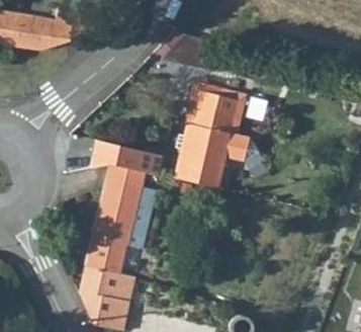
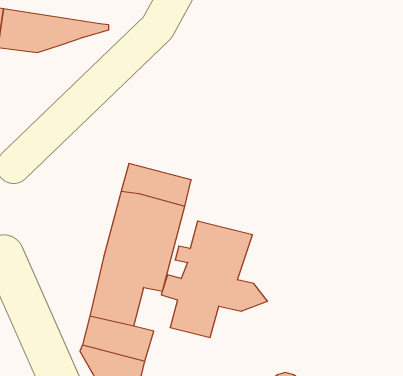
building: [175,94,261,188] -> [161,221,268,337]

